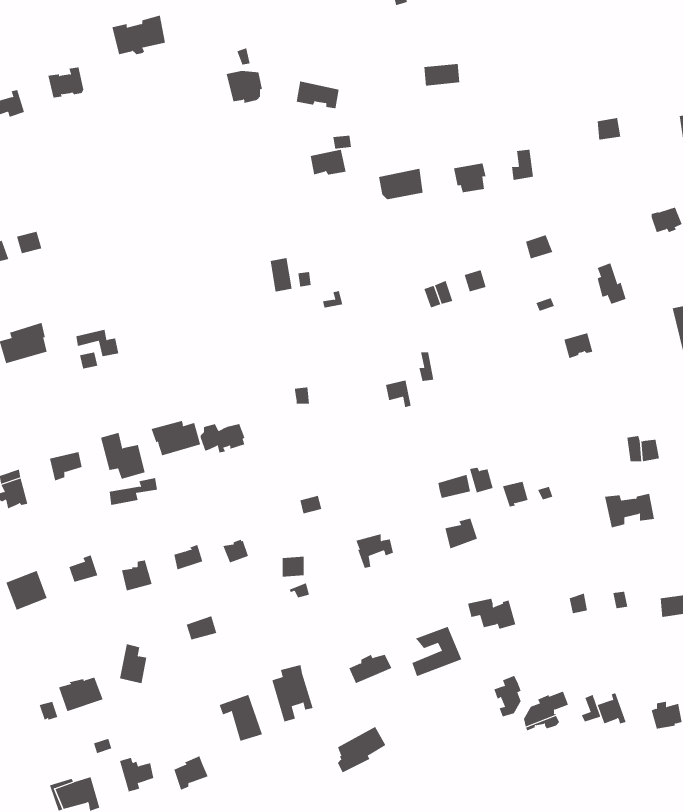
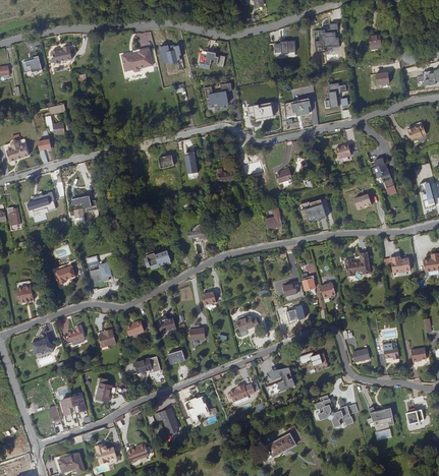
building: [112,15,166,55] -> [122,47,154,70]
building: none -> [314,22,338,47]
building: none -> [298,197,325,221]
building: [151,420,201,456] -> none
building: [604,493,655,528] -> [342,256,372,277]
building: [337,726,386,773] -> [265,433,293,461]

